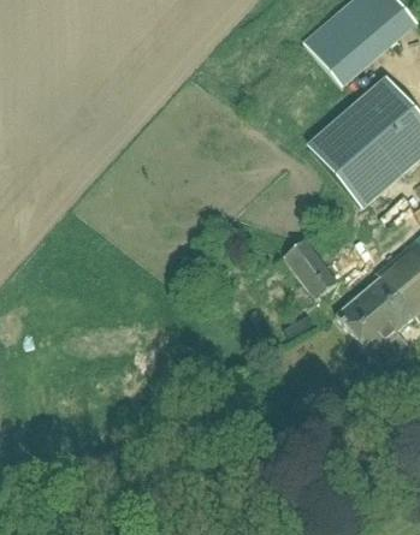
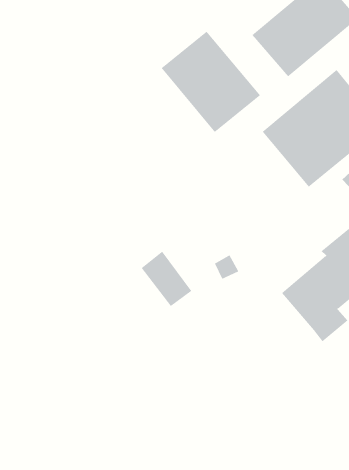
building: none -> [161,31,261,133]
building: [283,238,337,297] -> [141,251,192,307]

